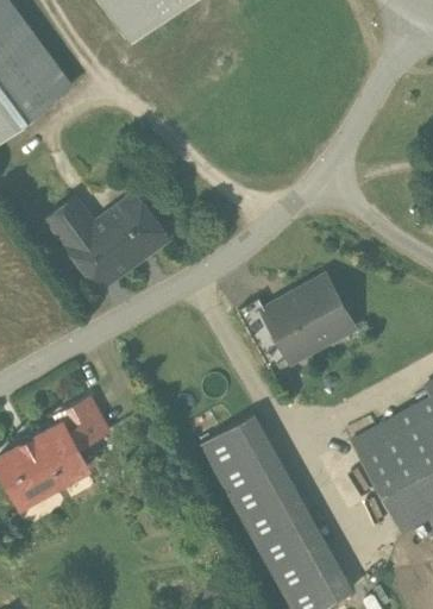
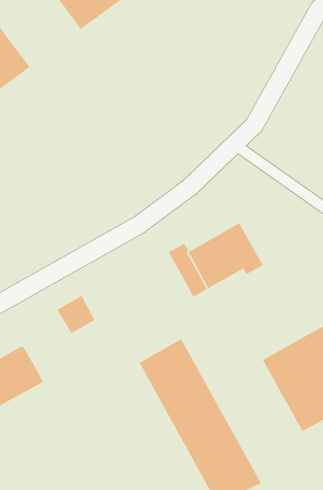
building: [45,196,167,293] -> none
building: [57,401,105,448] -> [56,295,96,334]

